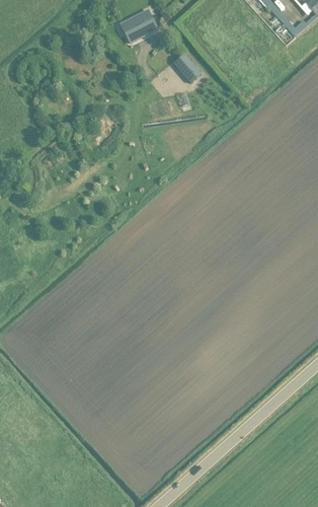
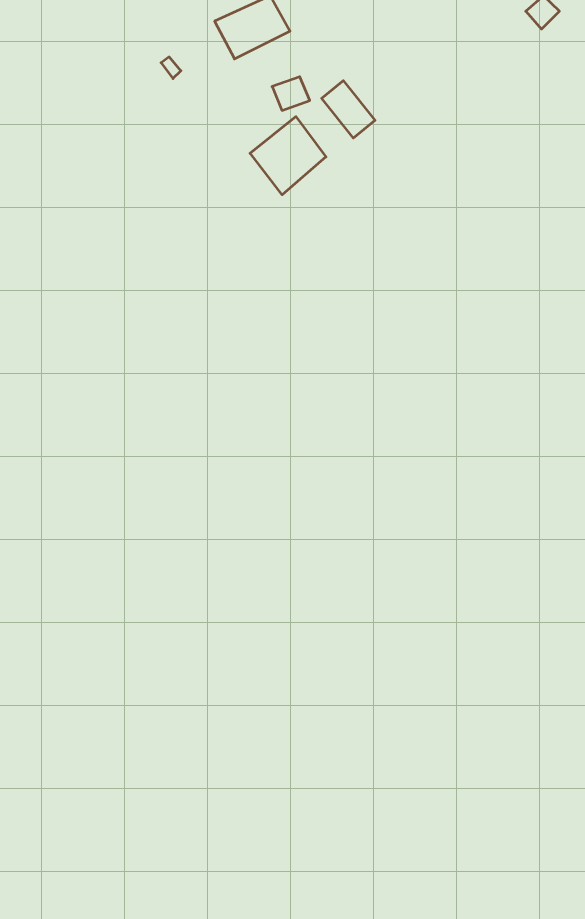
building: none -> [250,117,326,195]

